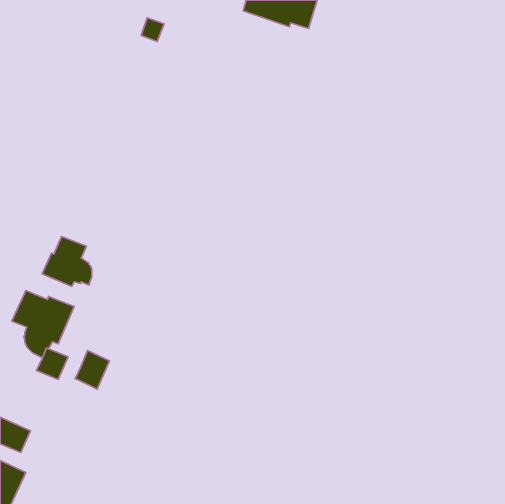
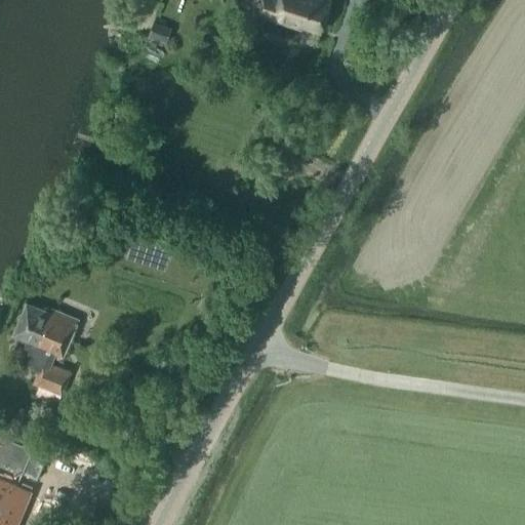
building: [42,236,92,287] -> none
building: [75,350,109,389] -> none

